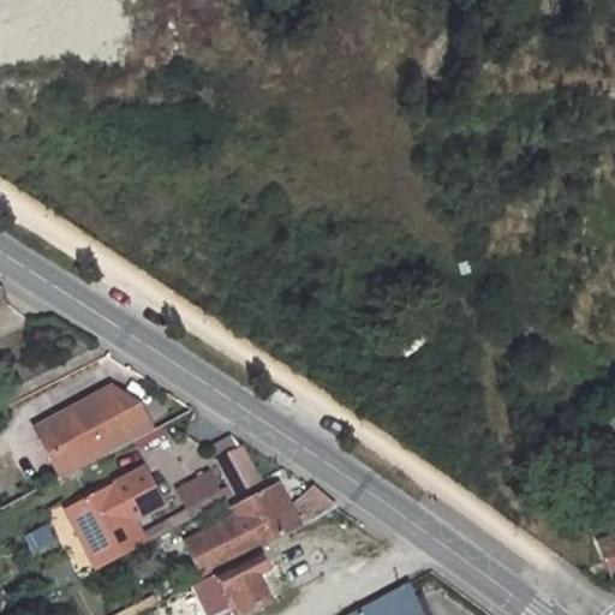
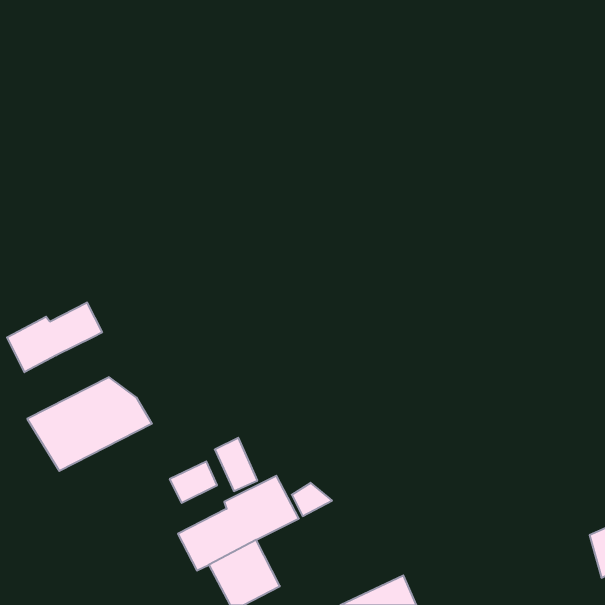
building: none -> [7,302,102,372]
building: [61,467,162,571] -> none

